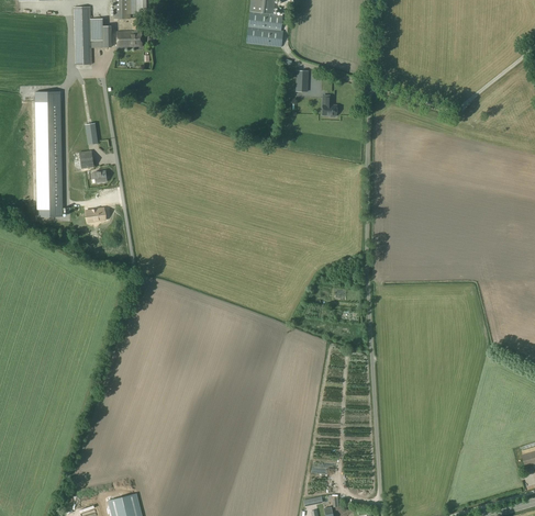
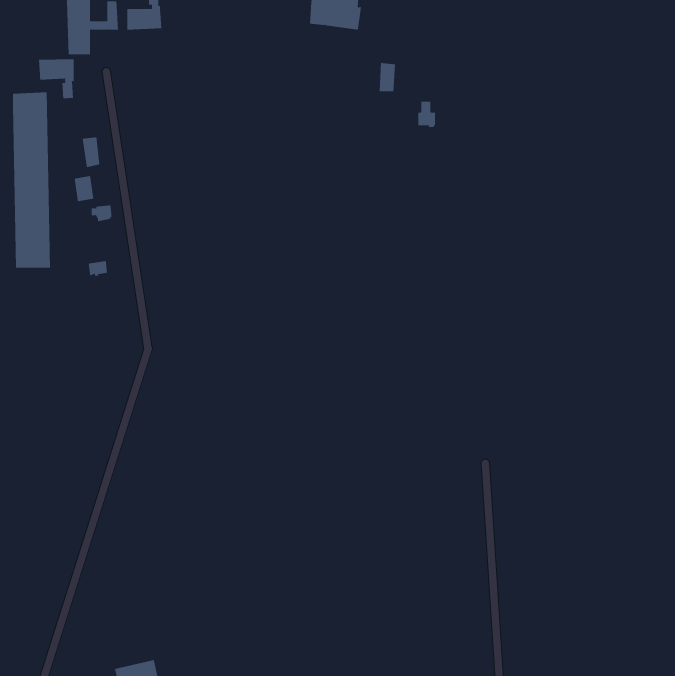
building: none -> [39,58,74,99]

